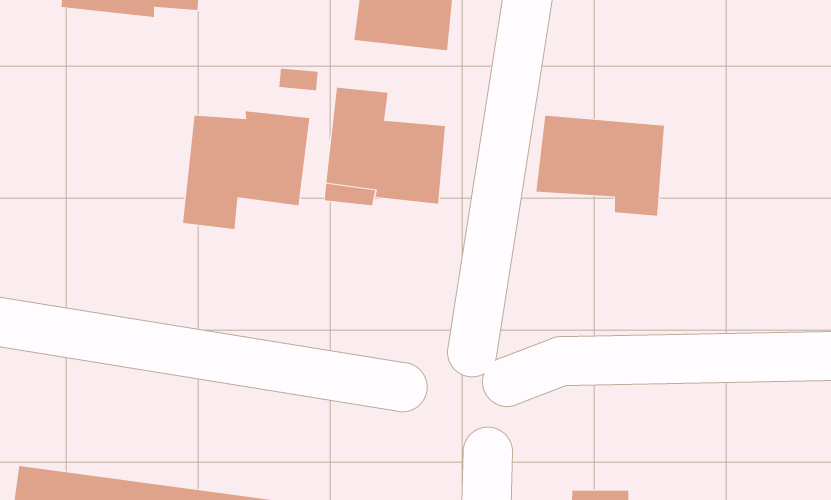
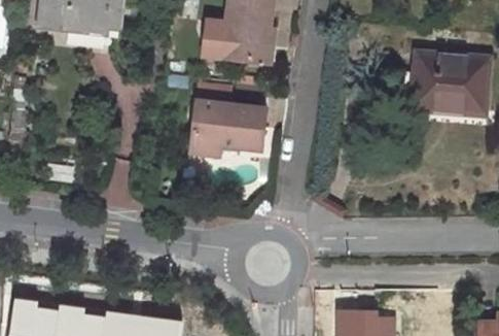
building: [183,110,310,230] -> none
building: [536,115,665,216] -> [409,54,486,113]

